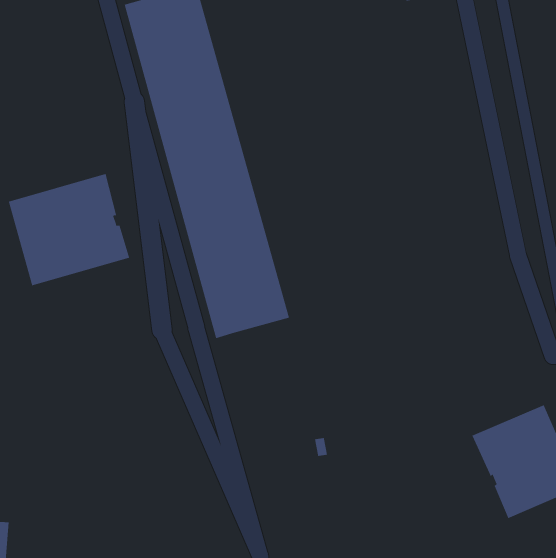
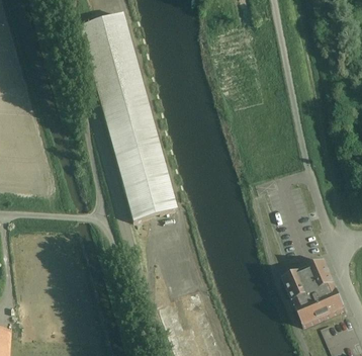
building: [8,173,130,286] -> none

